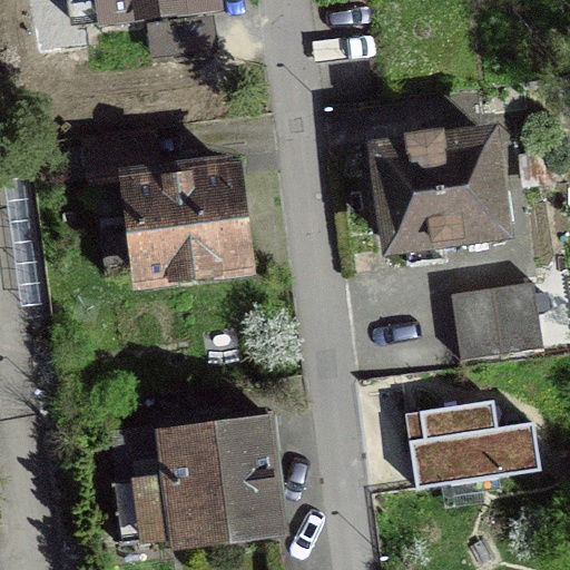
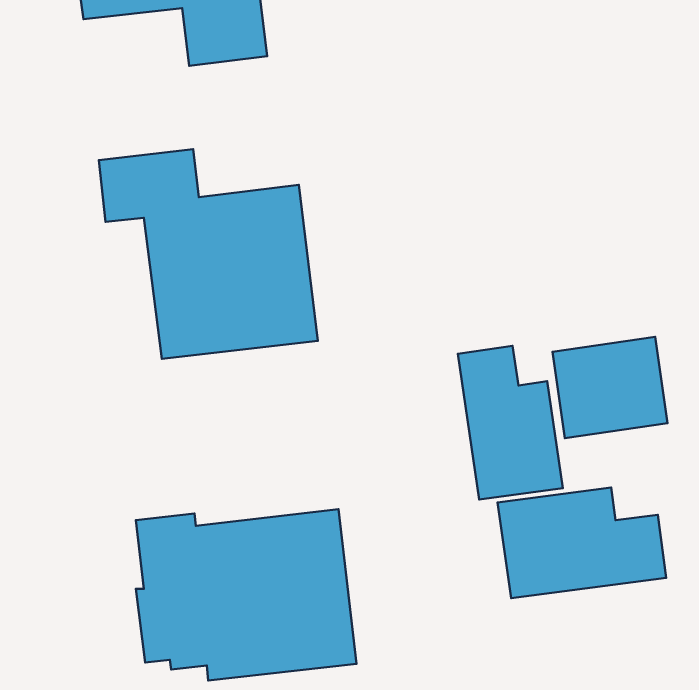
building: [366,125,514,258] -> none
building: none -> [458,346,563,499]

